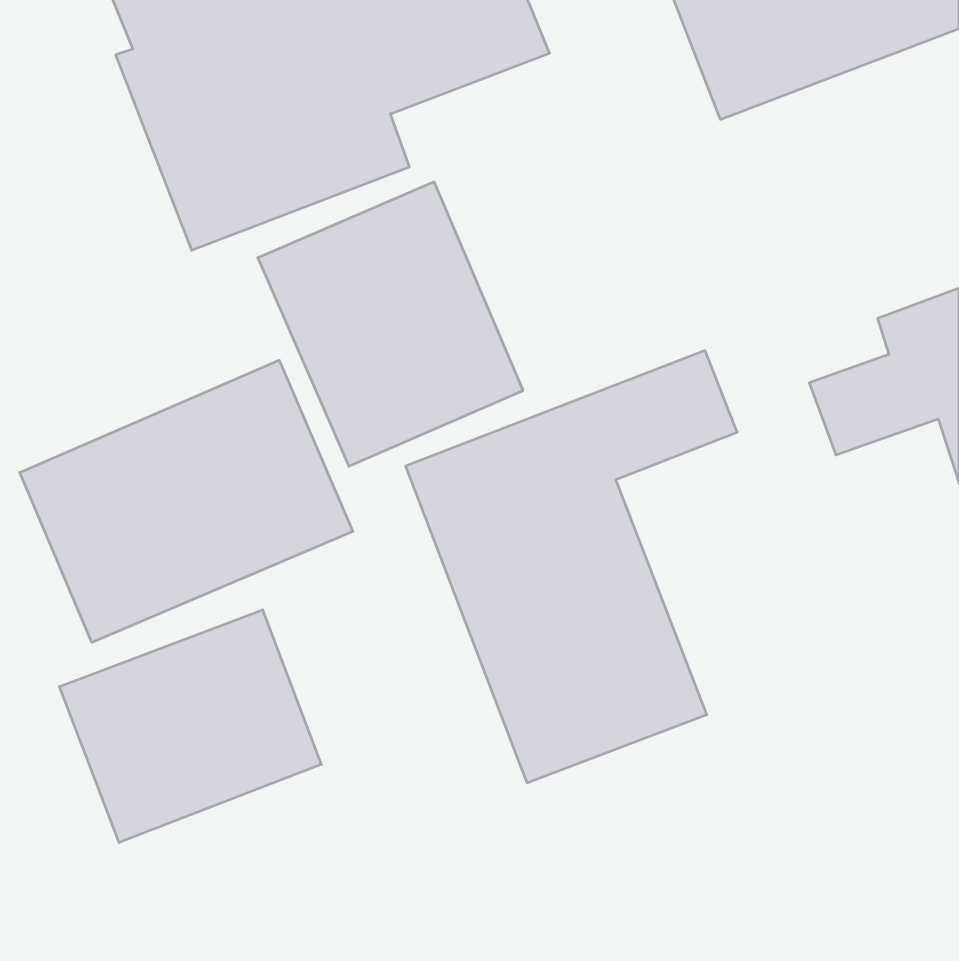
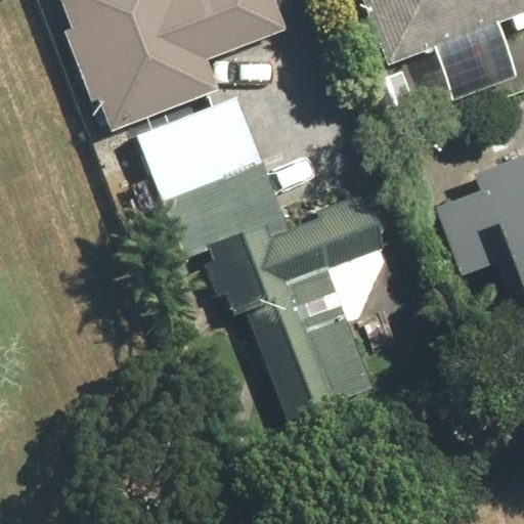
building: [20,360,353,642] -> none
building: [59,610,321,843] -> none

